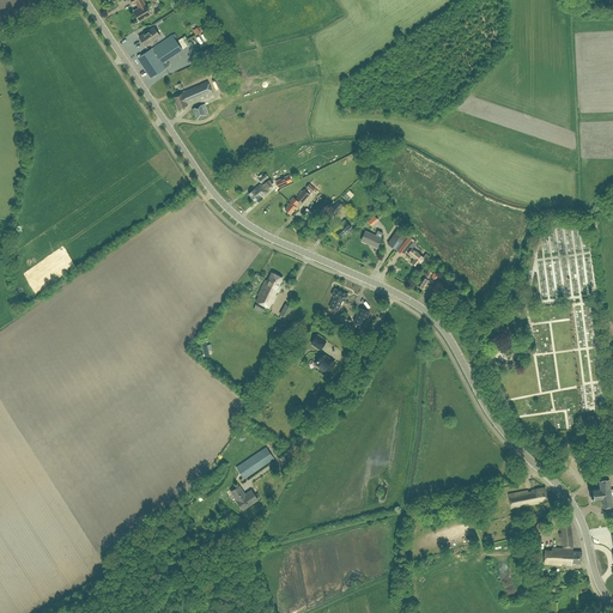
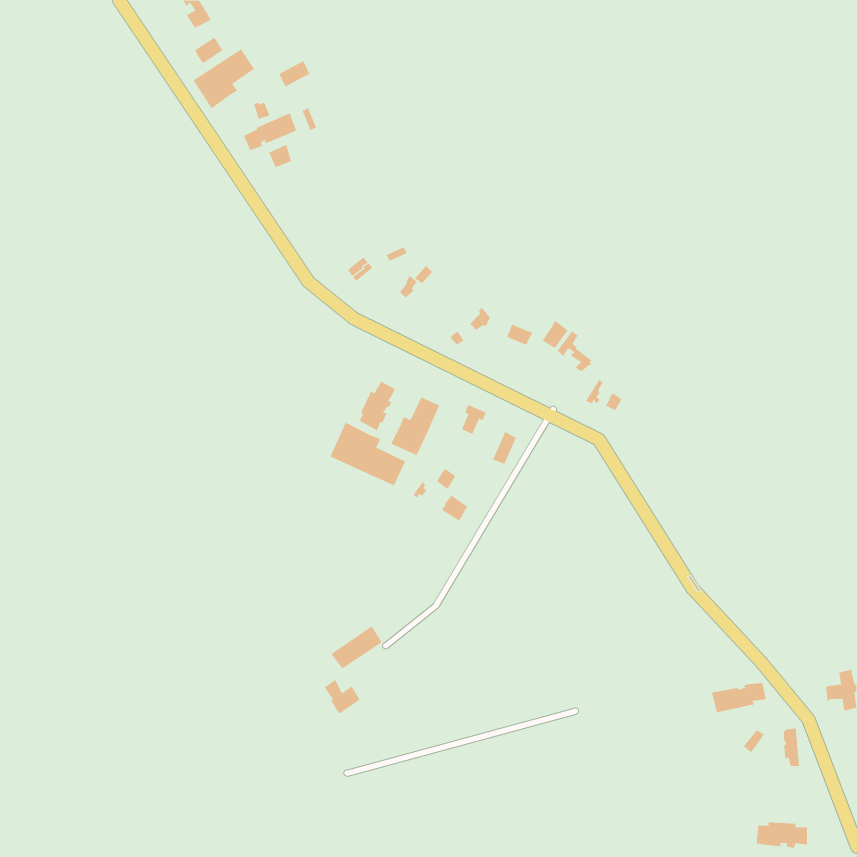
building: none -> [390,396,440,456]
building: none -> [330,422,406,486]
building: [544,547,581,566] -> [756,822,808,849]

